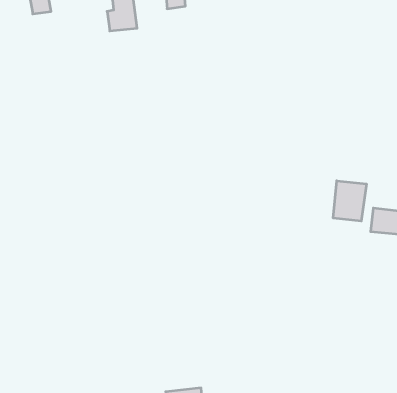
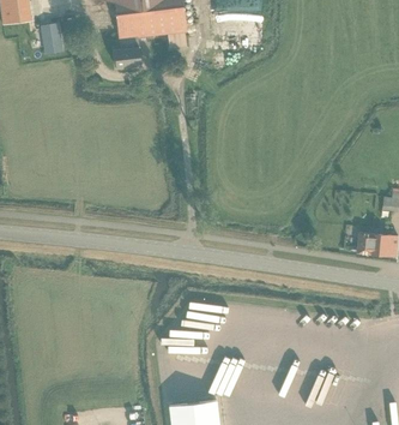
building: [333,181,366,221] -> none

